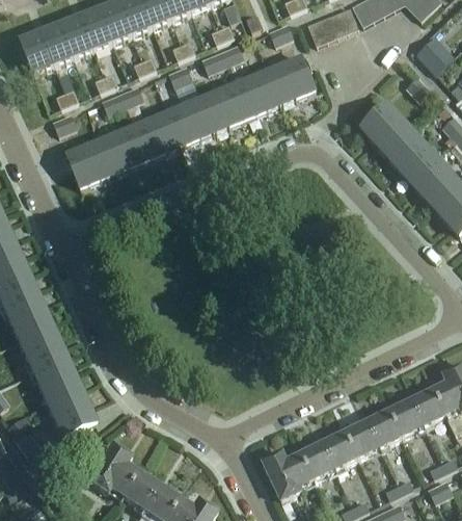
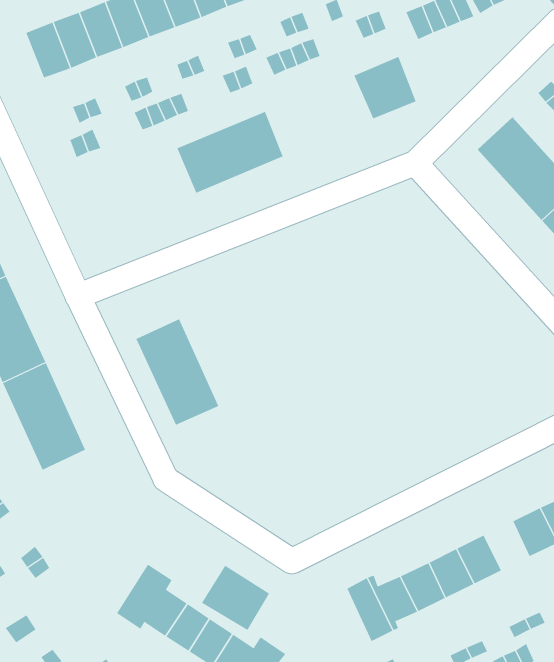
building: [201,71,282,132] -> none
building: [67,126,148,187] -> none
building: [32,355,96,436] -> [136,318,219,425]
building: [366,409,401,446] -> none
building: none -> [201,565,270,631]

